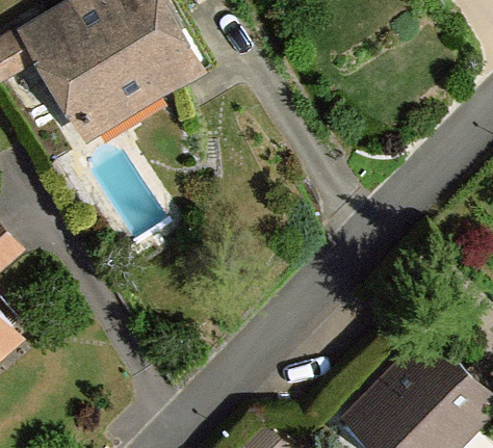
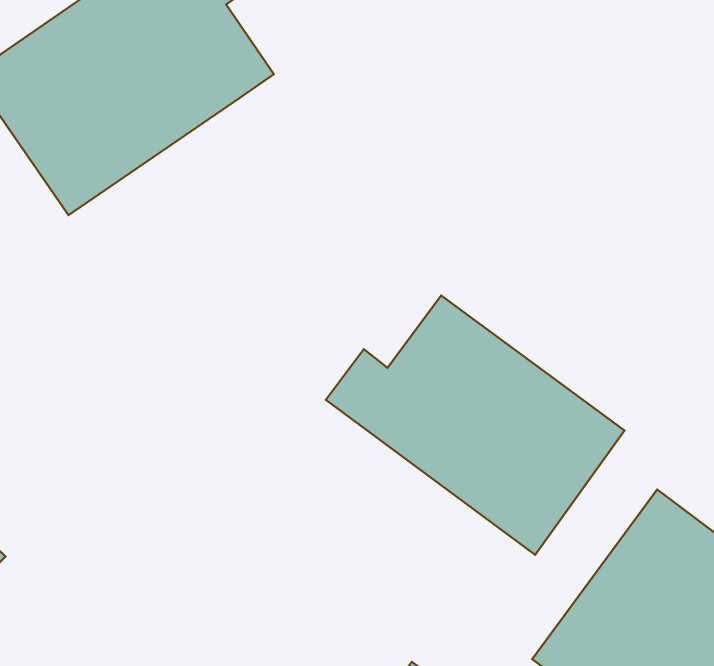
building: none -> [326,296,624,555]

